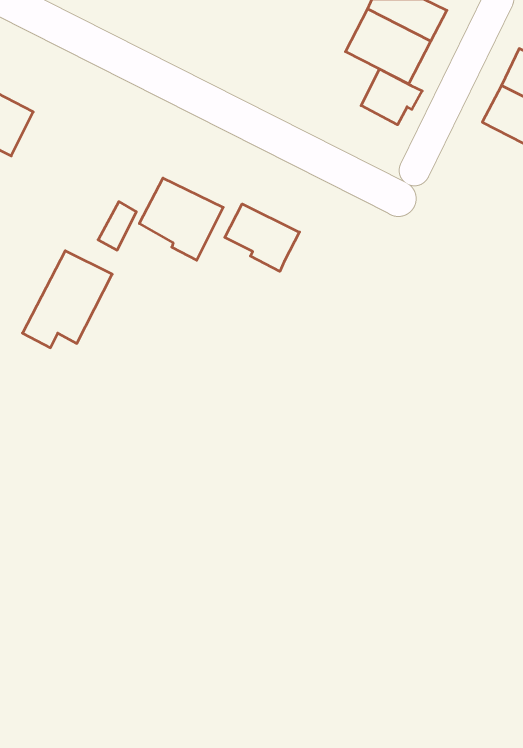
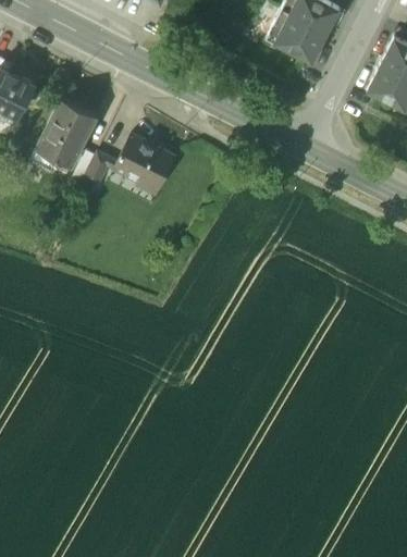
building: [361,69,422,125] -> none
building: [225,204,300,271] -> none
building: [22,251,112,348] -> [30,98,97,170]

